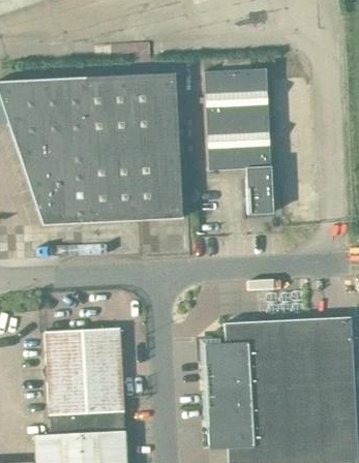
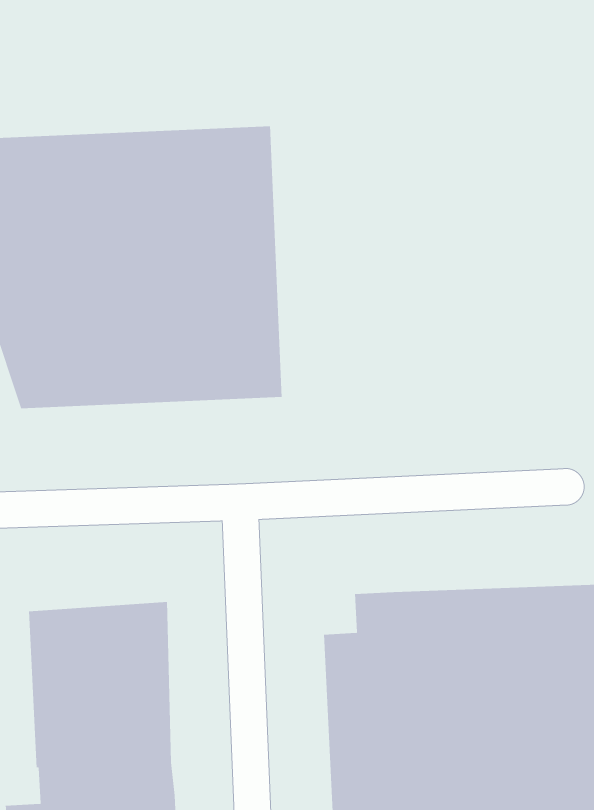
building: [204,68,273,215] -> none

